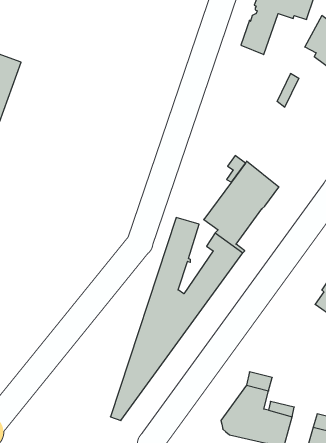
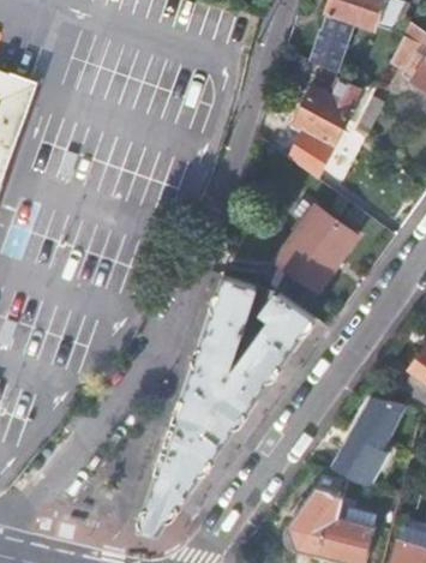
building: none -> [293,77,366,158]
building: none -> [332,395,403,485]

